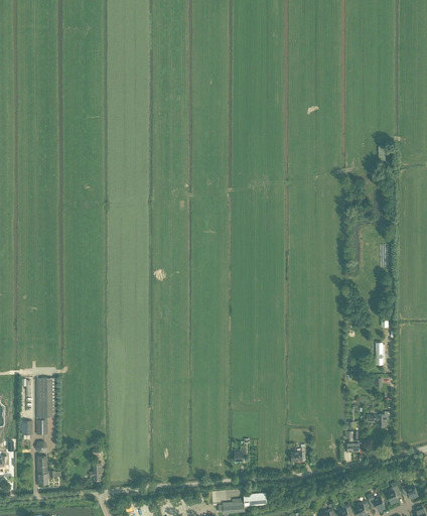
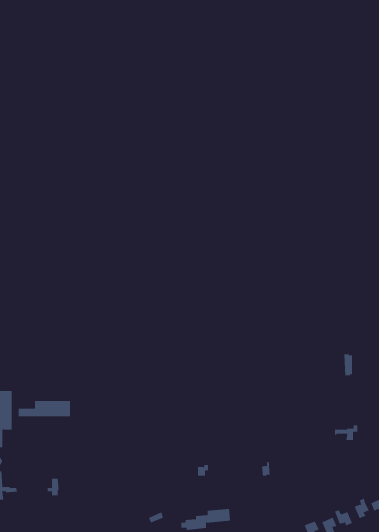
building: none -> [18,400,70,417]

